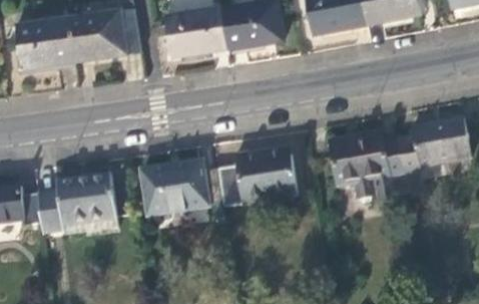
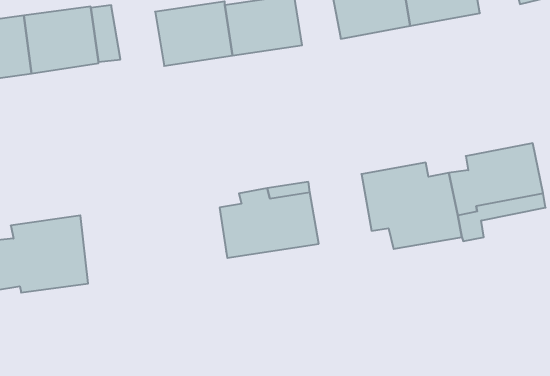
building: [140,160,223,213] -> none

